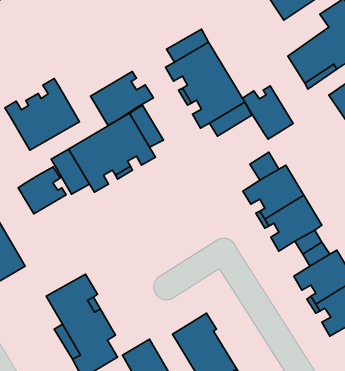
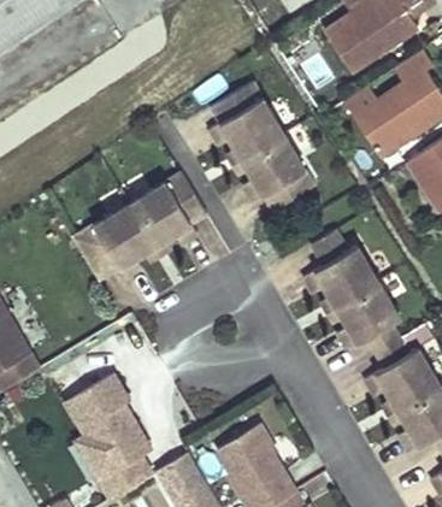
building: [90,72,154,125] -> none
building: [5,79,79,150] -> none
building: [242,86,293,139] -> none
building: [18,167,66,214] -> none

